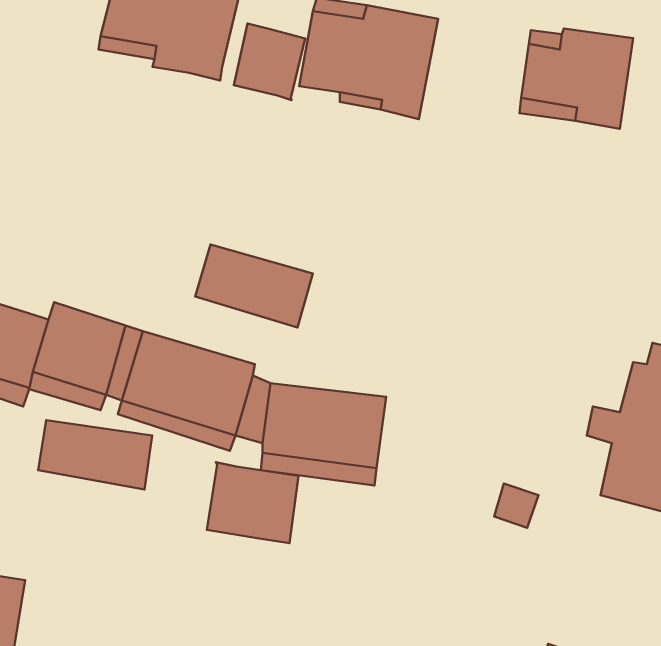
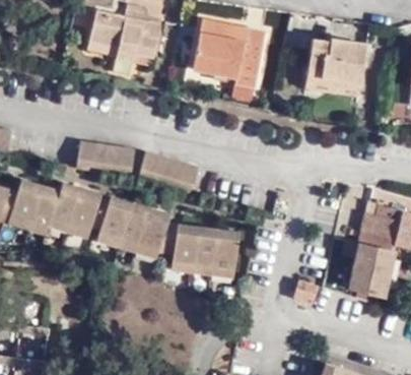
building: [234,23,305,100] -> none
building: [38,420,152,490] -> [76,143,136,180]
building: [207,462,299,543] -> none

